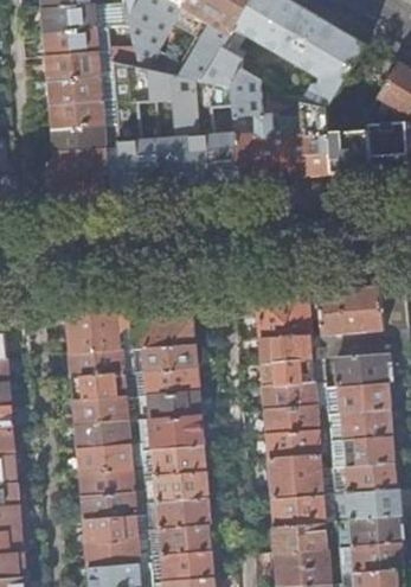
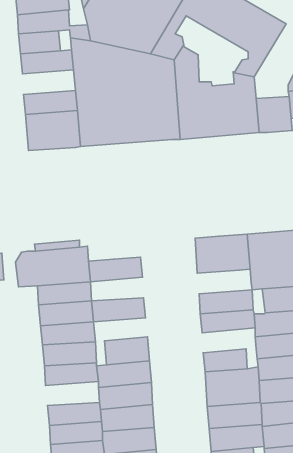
building: [52,98,115,128] -> none
building: [259,337,325,365] -> none
building: [133,345,195,374] -> none
building: [136,394,200,422] -> none
building: [265,406,329,435] -> none
building: [79,470,143,498] -> none

